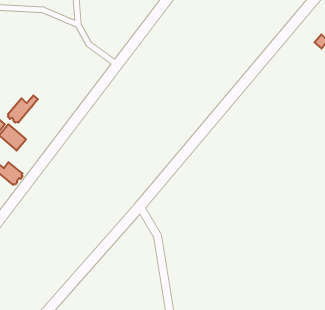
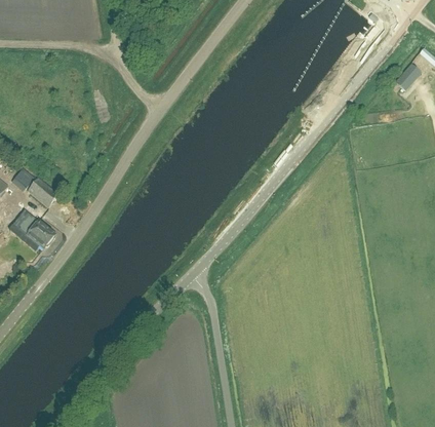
building: [8,95,38,123] -> none

